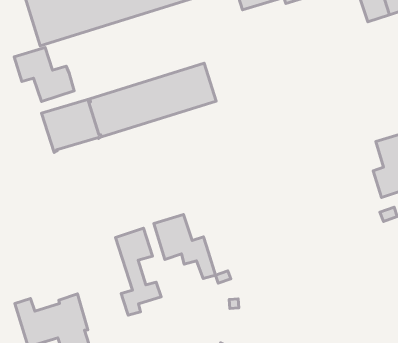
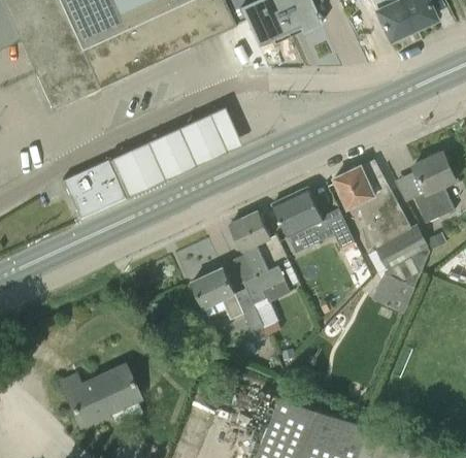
building: [14,47,74,101] -> none
building: none -> [334,159,430,313]
building: none -> [272,187,355,248]
building: [115,228,161,315] -> [230,210,286,303]

